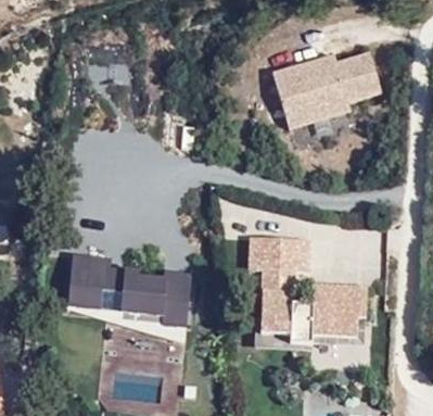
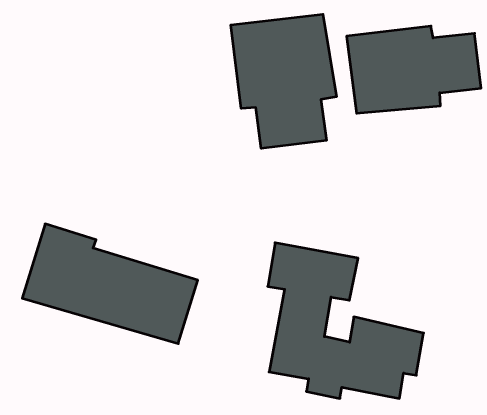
building: none -> [231,14,336,148]

